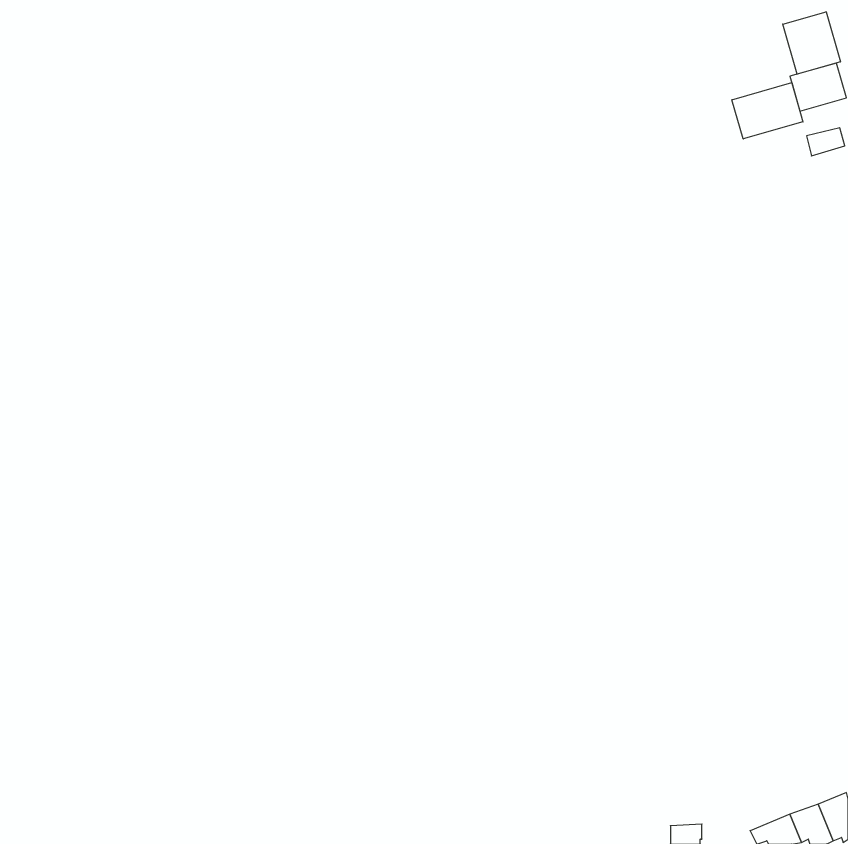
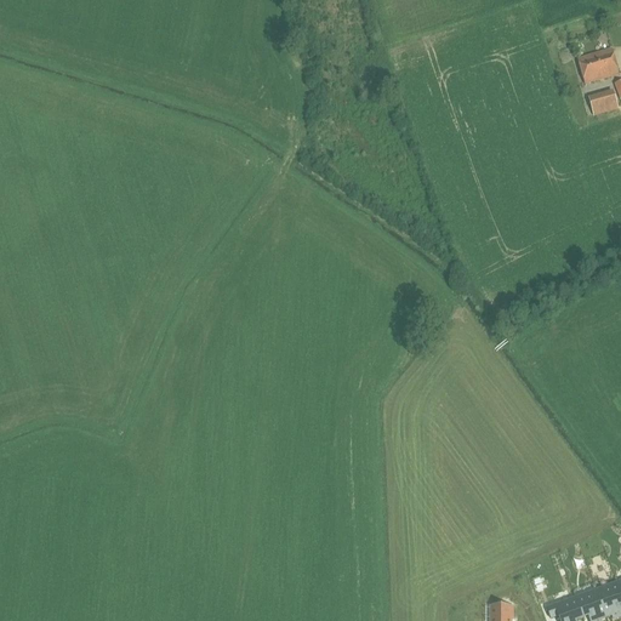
building: [783,12,840,74] -> none
building: [732,83,803,139] -> none

